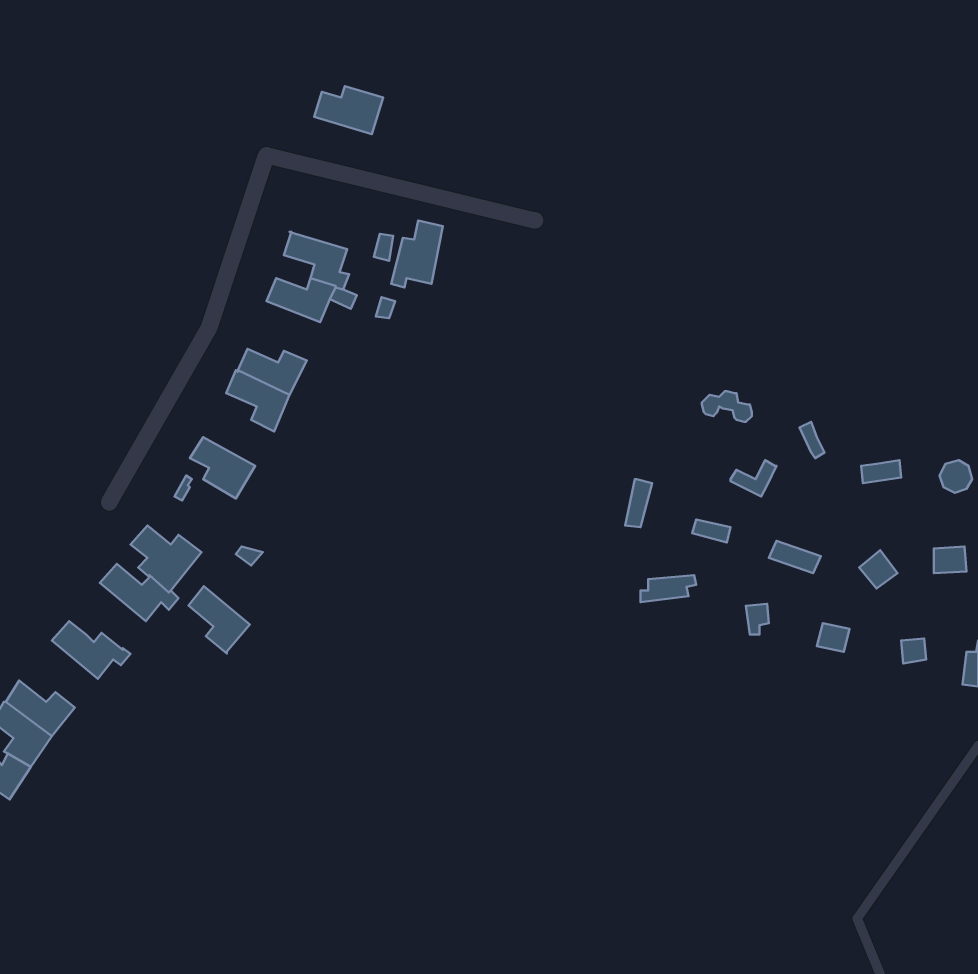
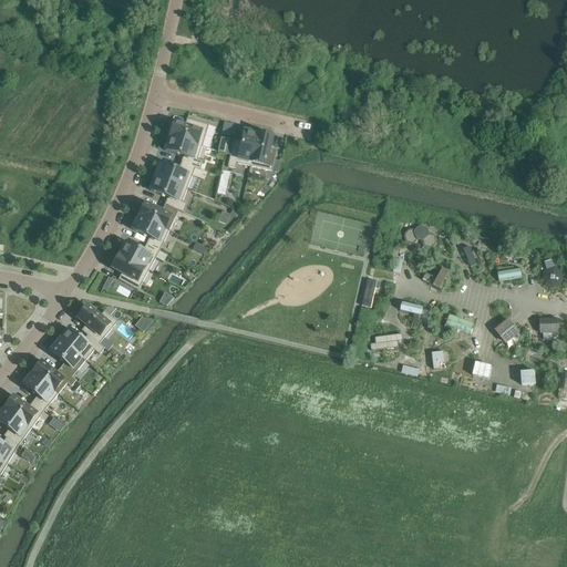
building: [314,86,383,134] -> [167,116,207,144]
building: none -> [249,131,275,168]
building: none -> [148,174,185,210]
building: none -> [117,239,158,269]
building: [189,586,250,653] -> [49,337,84,375]
building: none -> [21,370,56,409]

